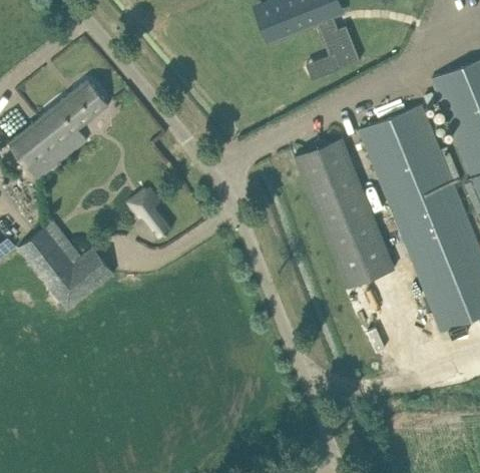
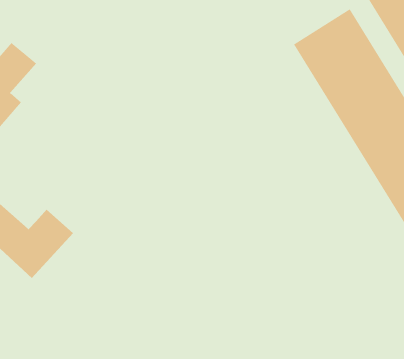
building: [294,137,395,288] -> none
building: [136,200,172,240] -> none

